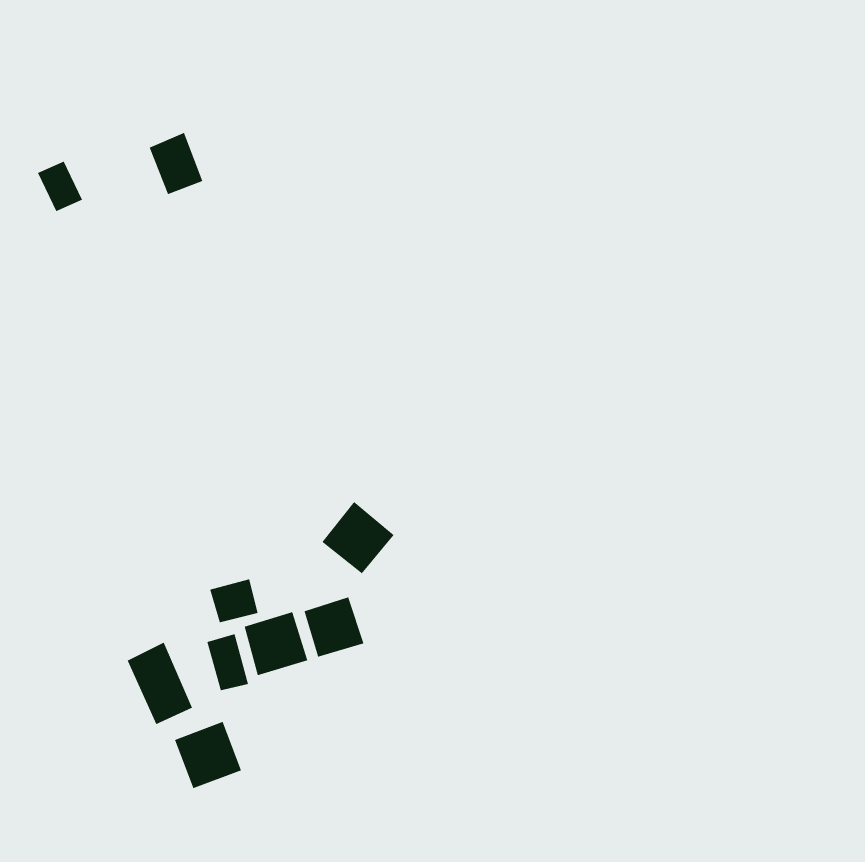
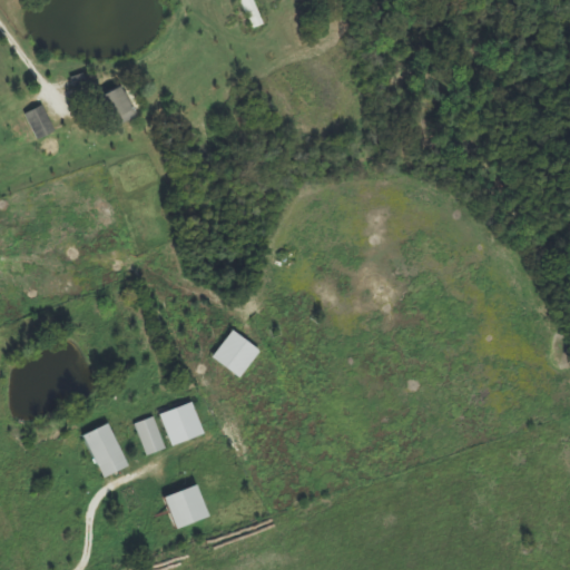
building: [210,579,258,623] -> none
building: [304,596,364,658] -> none
building: [174,721,242,789] -> [163,483,207,528]

